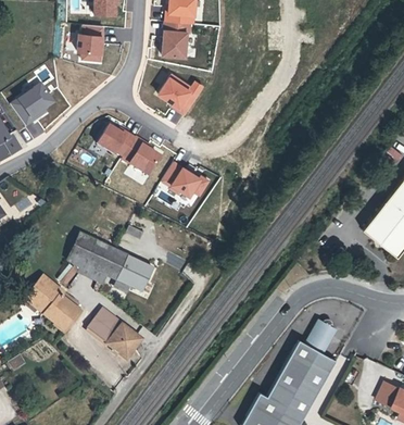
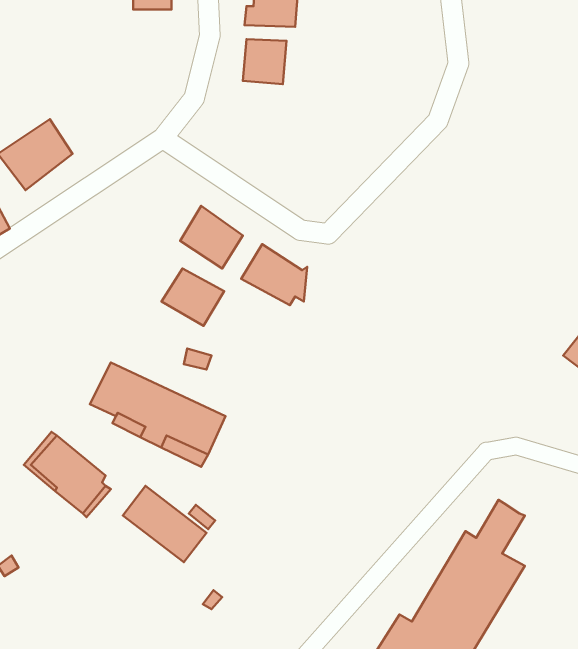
building: [78,26,105,62] -> none
building: [159,77,205,115] -> none
building: [98,122,137,158] -> [162,269,224,326]

